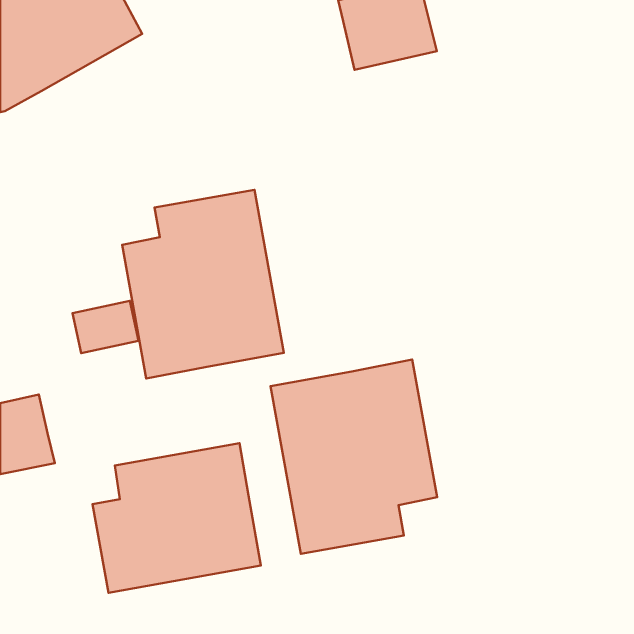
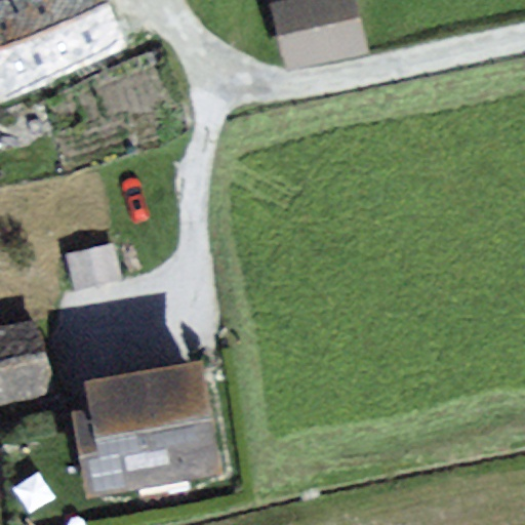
building: [122,190,284,378] -> none
building: [271,360,437,554] -> none

